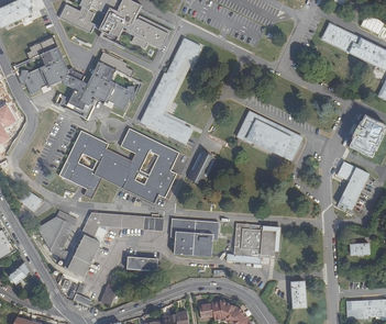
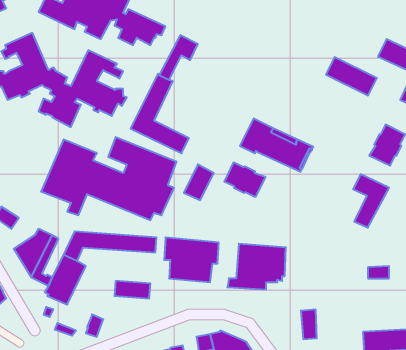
building: [321,23,366,57] -> [326,57,377,95]
building: none -> [224,162,265,197]

